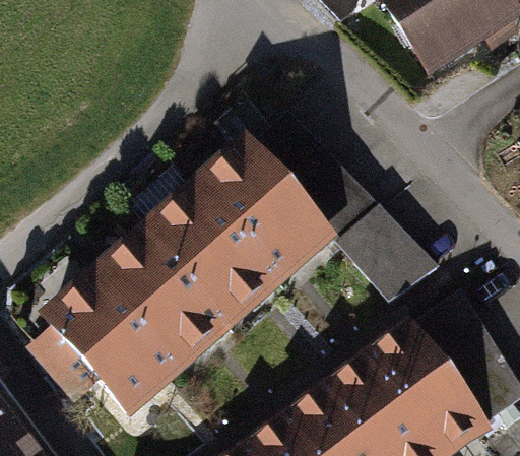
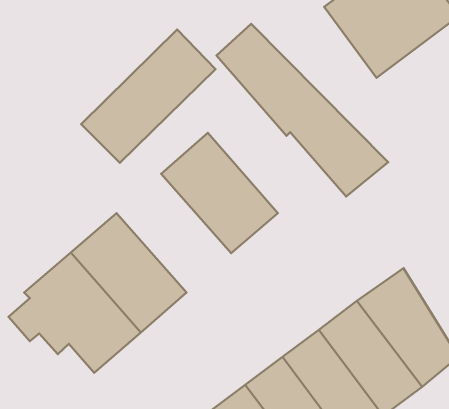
building: none -> [81,30,216,163]
building: [250,114,437,302] -> [217,24,388,197]
building: [150,193,275,322] -> none

